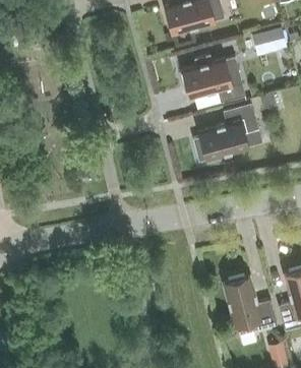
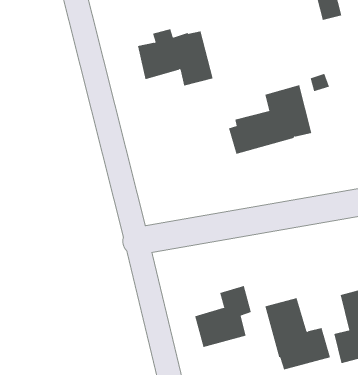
building: [182,54,244,101] -> [137,28,214,86]
building: none -> [195,285,251,348]

